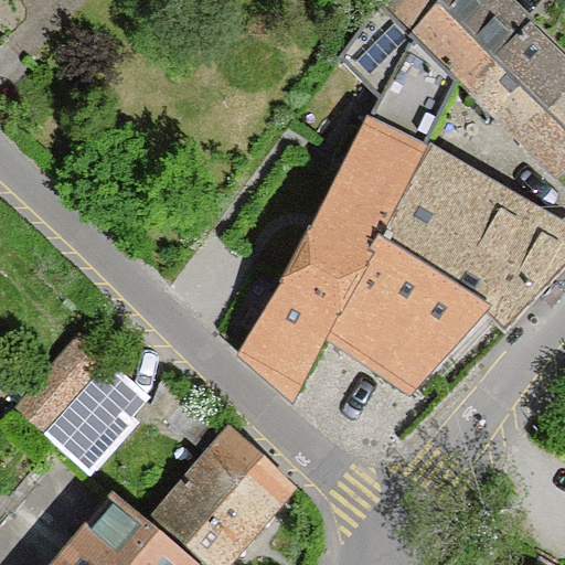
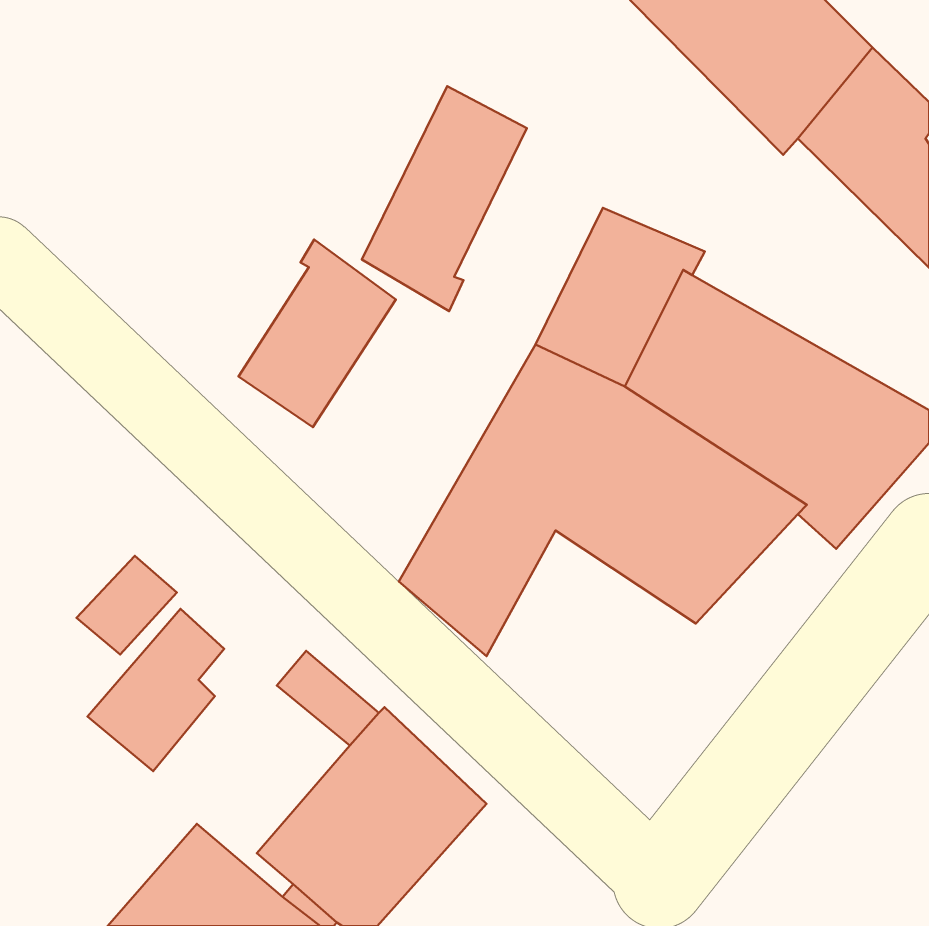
building: none -> [362,86,527,311]
building: none -> [239,240,396,427]

